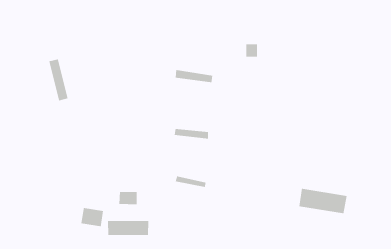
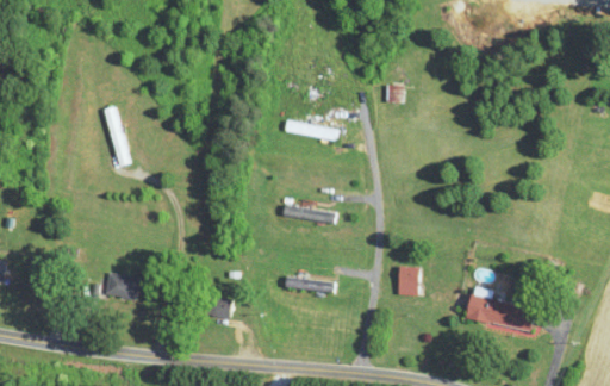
building: none -> [397,266,417,295]
building: [81,208,104,227] -> [105,272,138,299]
building: [108,220,149,236] -> none

